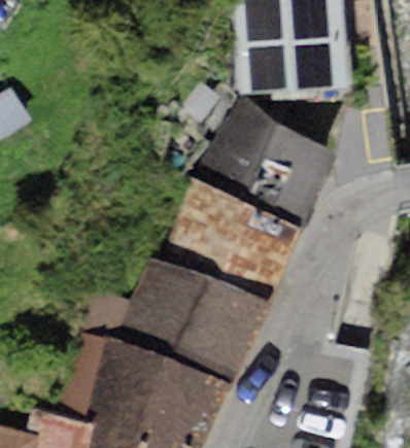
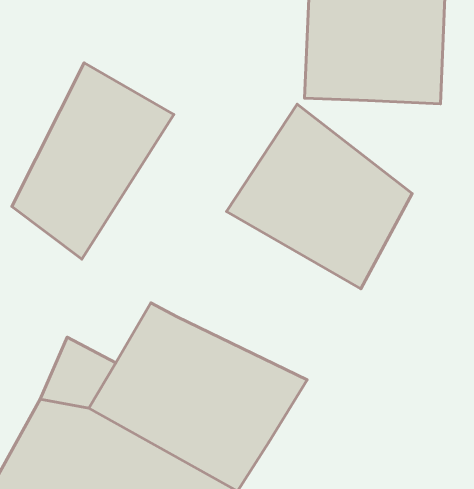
building: none -> [12,63,174,259]
building: [168,178,303,301] -> none

